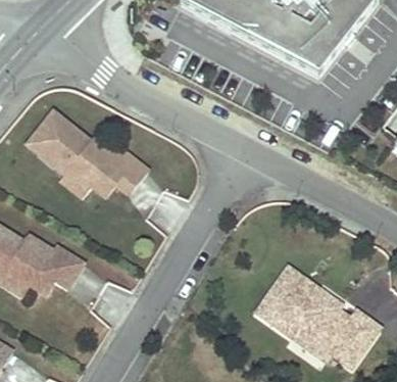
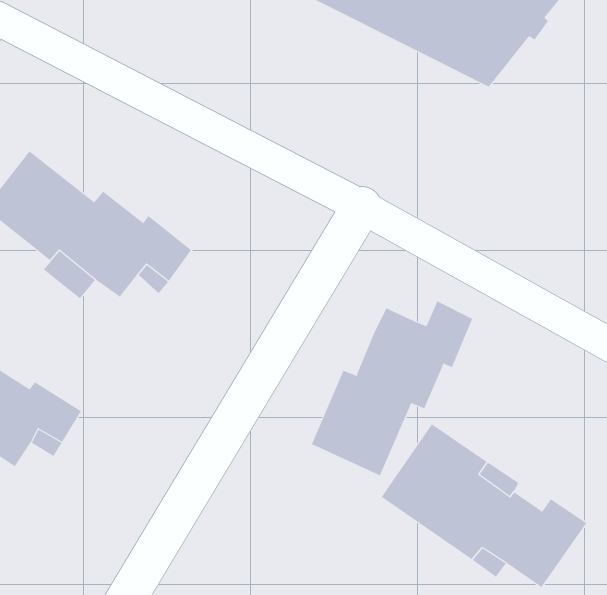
building: none -> [311,300,473,476]

